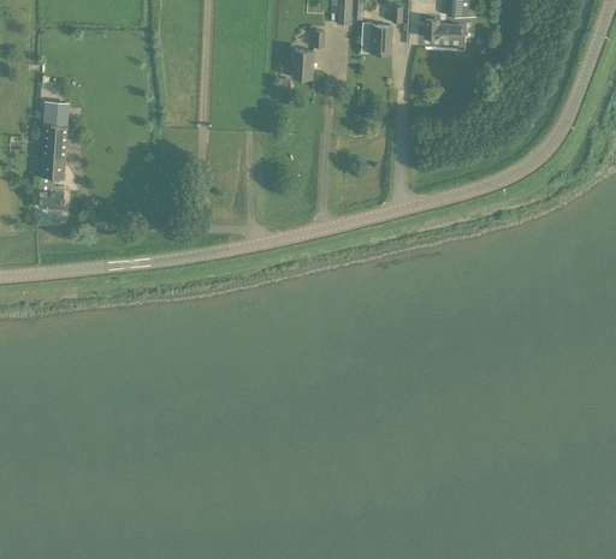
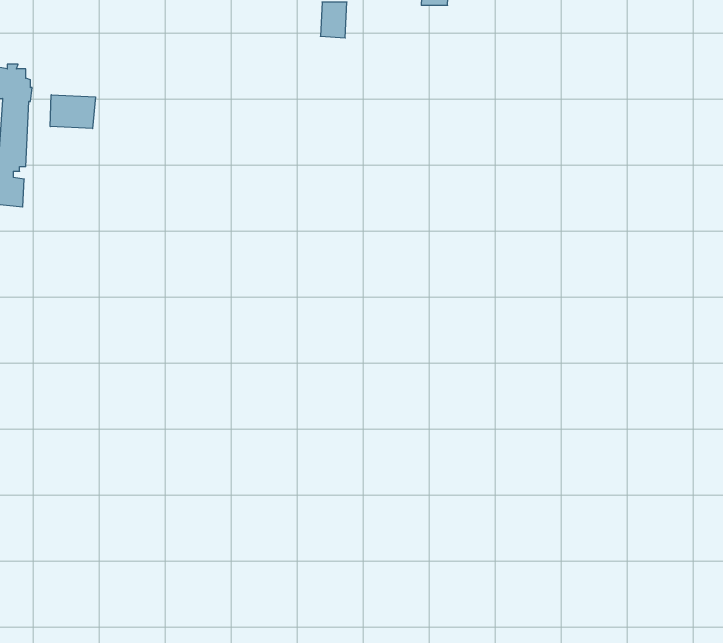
building: none -> [50,95,95,129]

